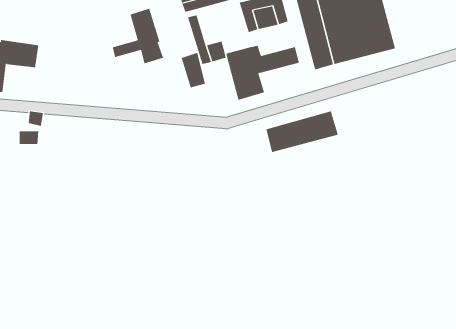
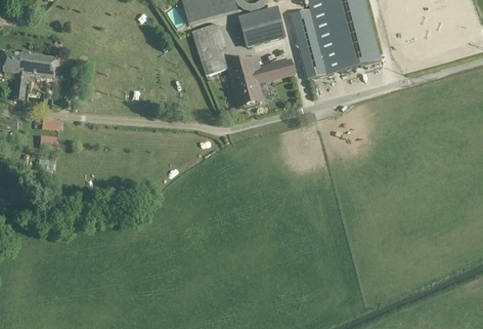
building: [112,8,164,64] -> none
building: [181,52,206,88] -> [201,23,223,55]
building: [266,111,338,153] -> none

